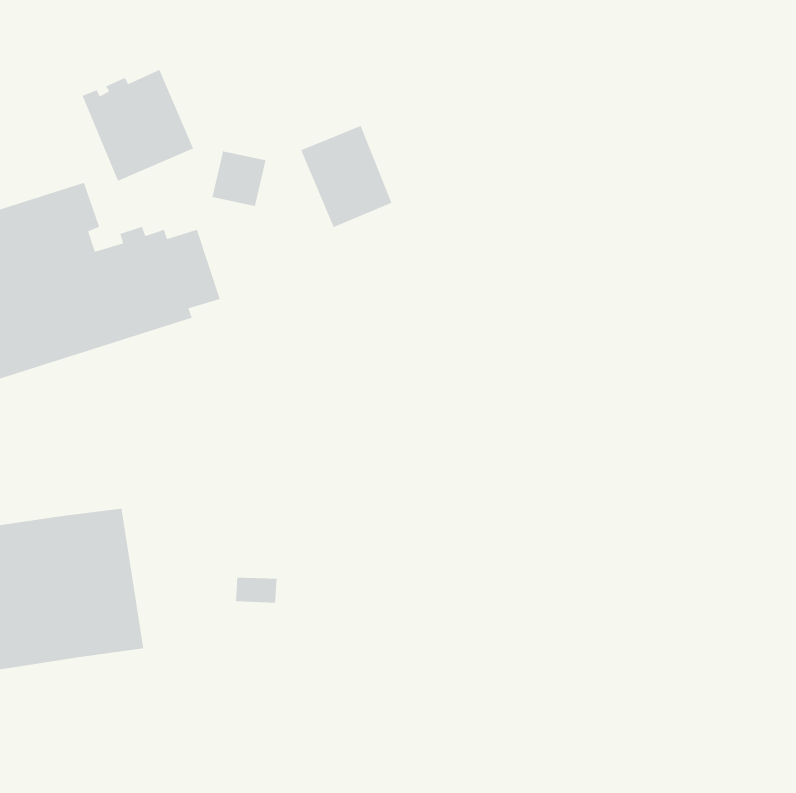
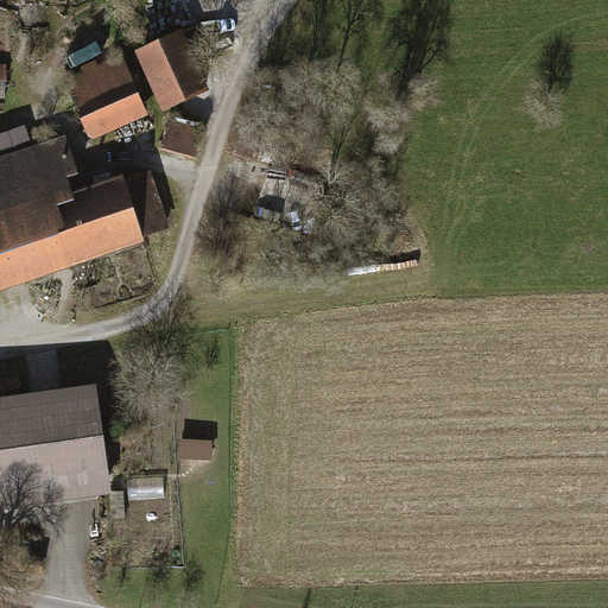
building: [300,125,393,228] -> [135,31,205,109]

